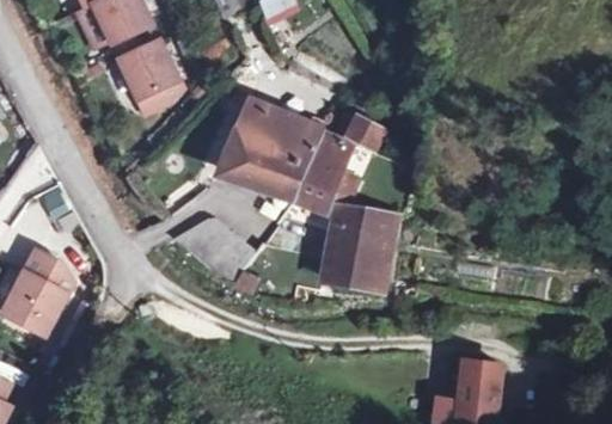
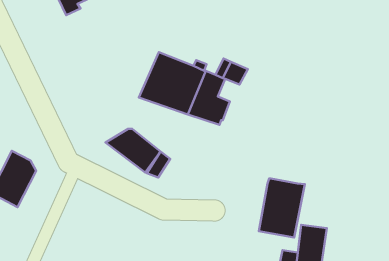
building: [114,41,177,99] -> none
building: [328,205,396,293] -> [259,179,305,238]

